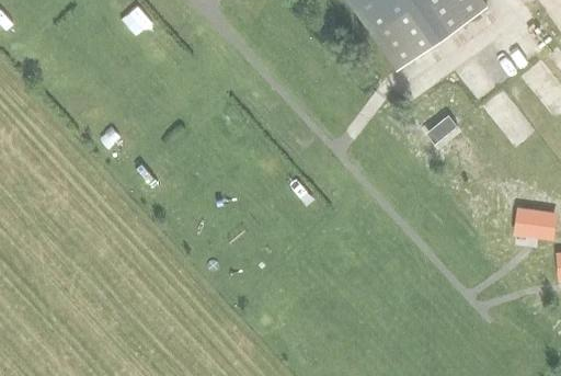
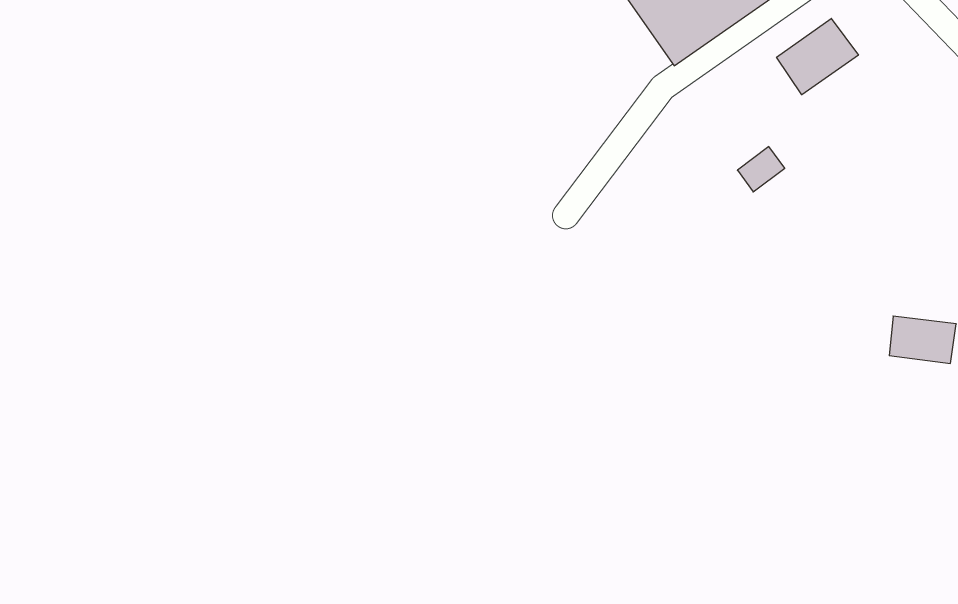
building: none -> [777,18,858,95]

